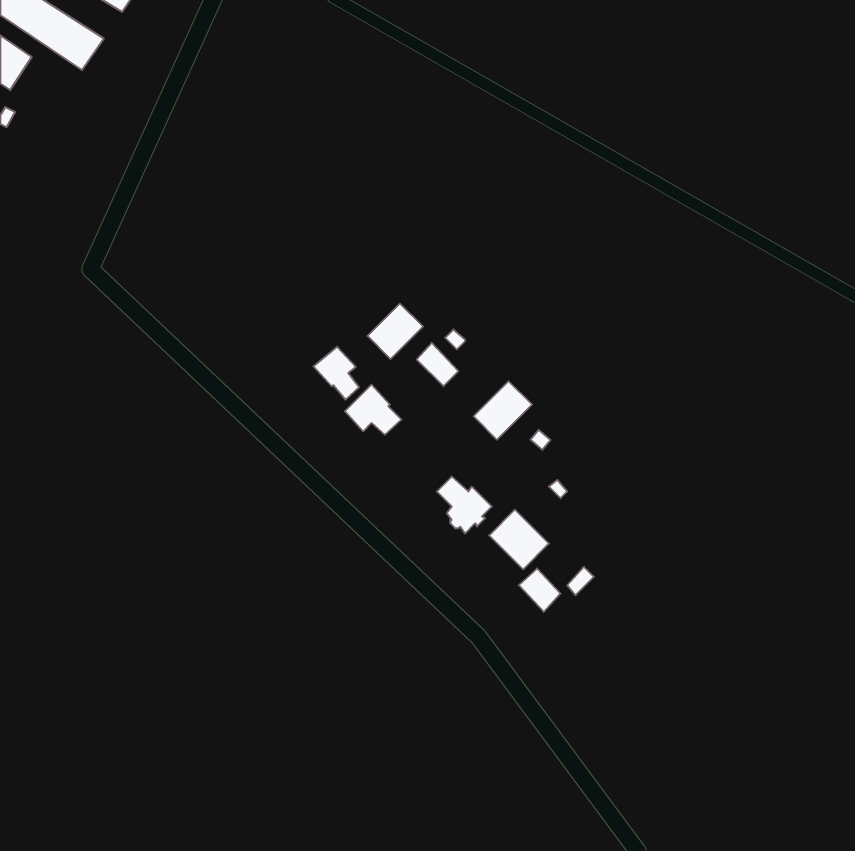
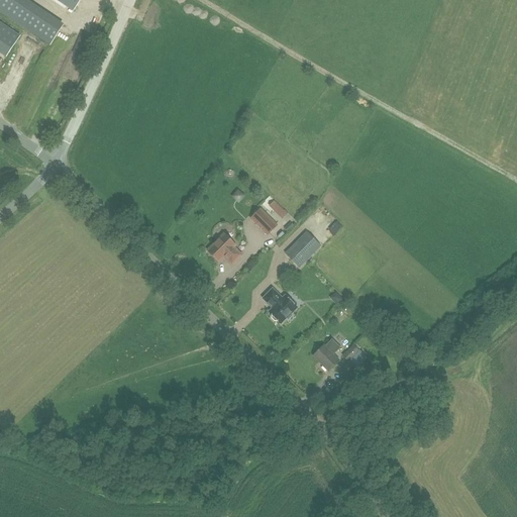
building: [367,304,423,359] -> none
building: [313,347,359,400] -> none
building: [489,510,549,569] -> none

